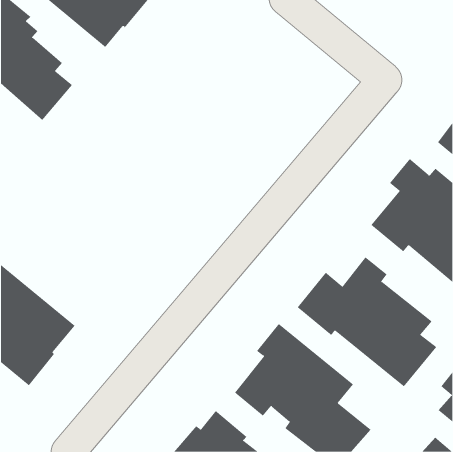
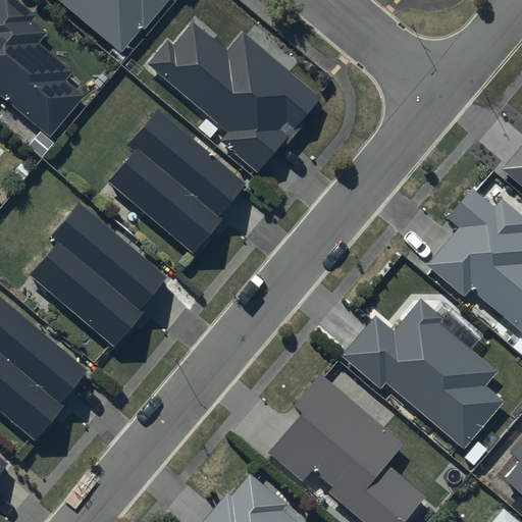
building: none -> [149,25,318,175]
building: none -> [108,113,245,257]
building: none -> [32,207,166,351]

